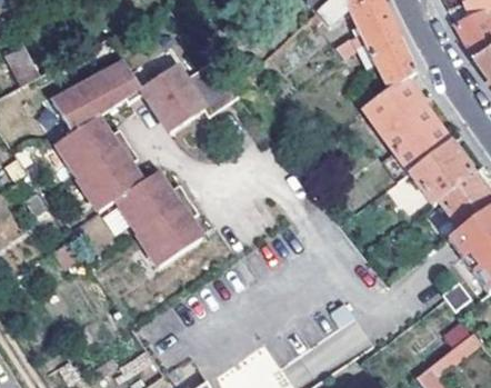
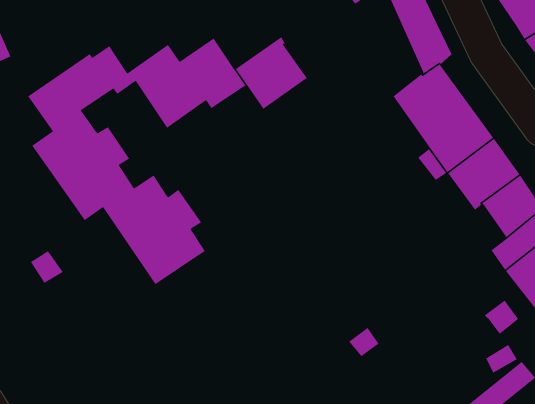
building: none -> [235,36,308,110]

